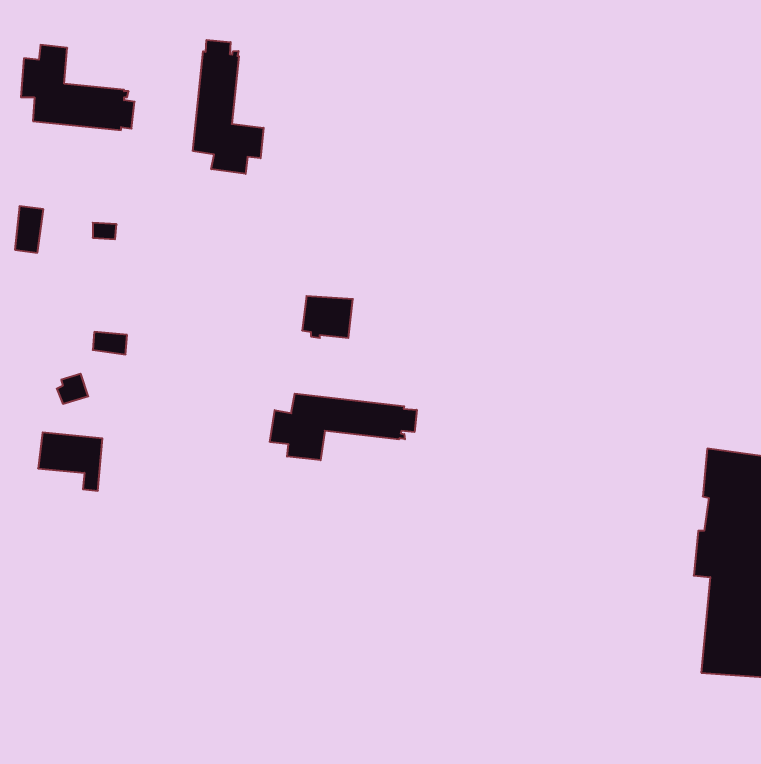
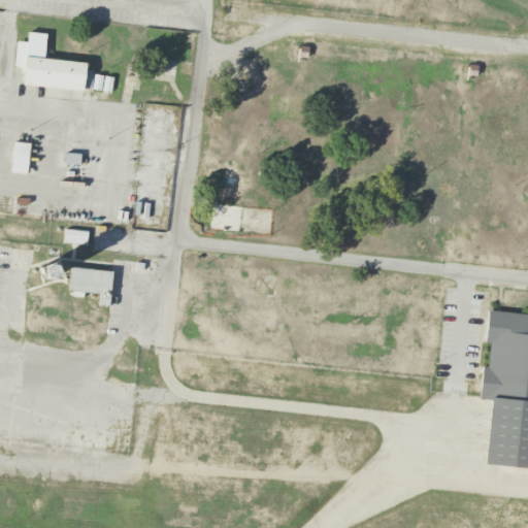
building: [193,40,264,174] -> none
building: [270,394,417,460] -> none
building: [38,432,102,491] -> [70,266,114,306]

